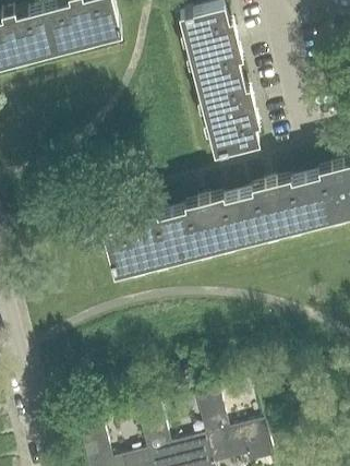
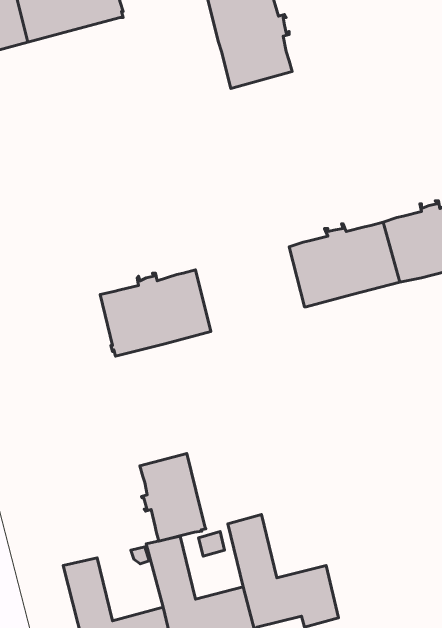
building: [195,70,256,150] -> none
building: [170,194,248,254] -> none
building: none -> [140,454,206,541]

